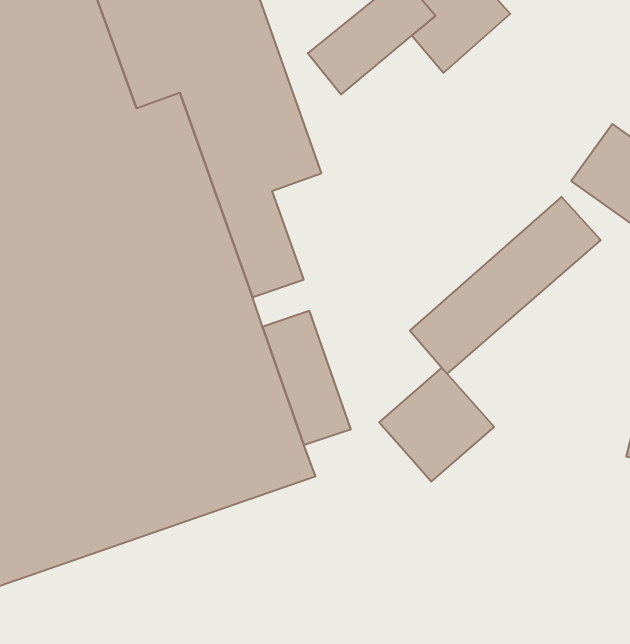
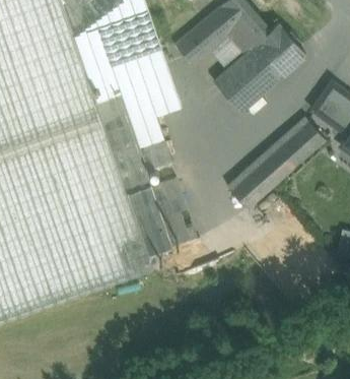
building: none -> [211,23,303,113]
building: [379,368,494,482] -> none

